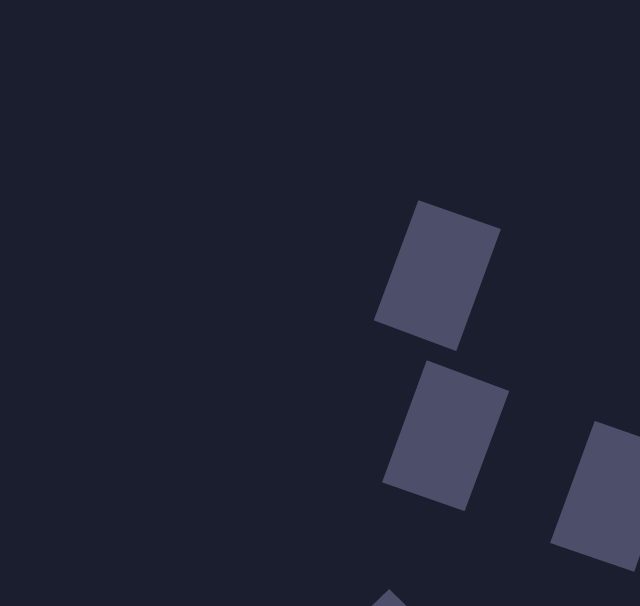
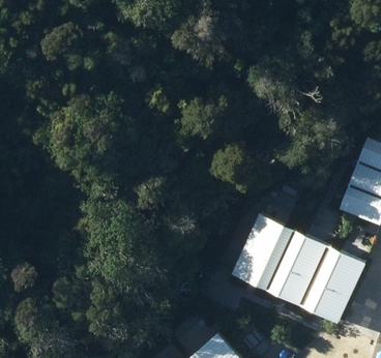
building: [373,200,502,352] -> [256,228,324,308]

